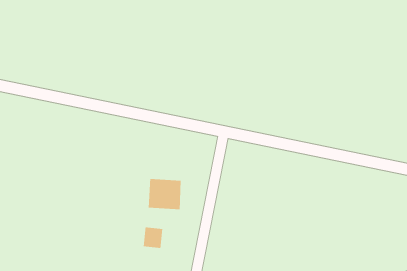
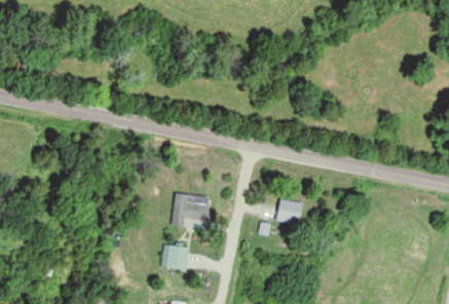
building: none -> [275,198,303,225]

